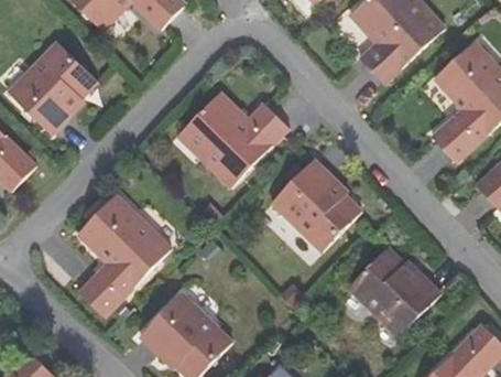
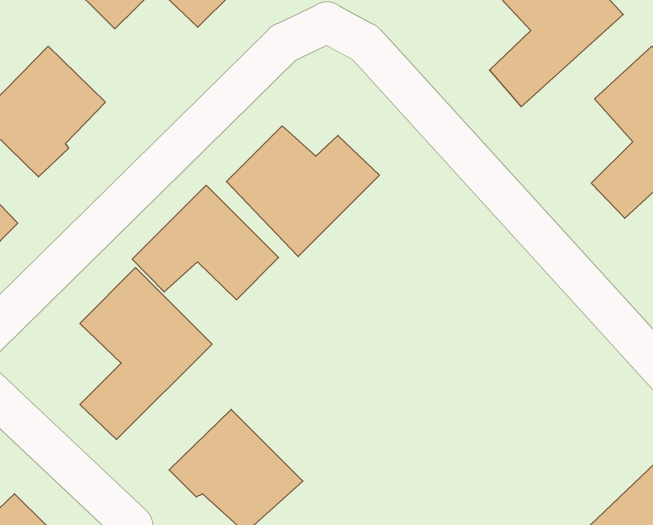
building: none -> [132,185,279,300]
building: [271,159,363,255] -> none
building: [348,249,438,336] -> none

